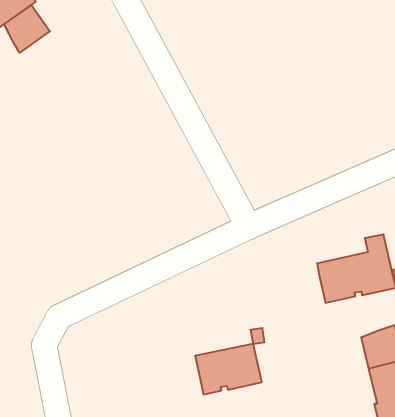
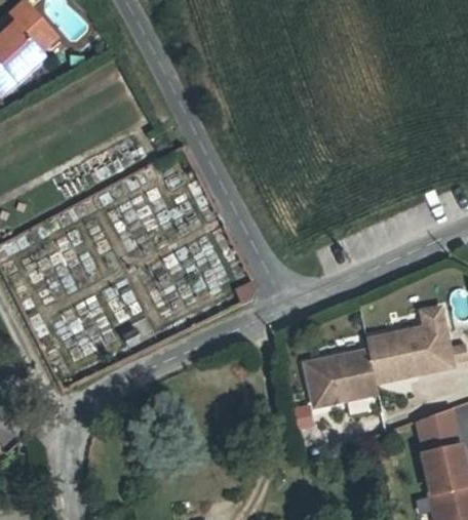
building: [4,5,50,53] -> none
building: [195,344,262,394] -> [304,351,377,406]

